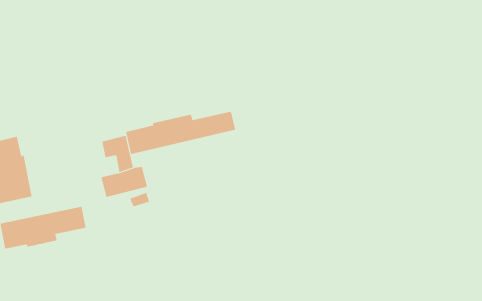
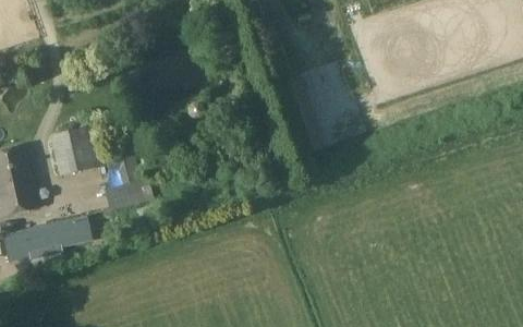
building: [125,111,236,155] -> none
building: none -> [50,125,104,174]

